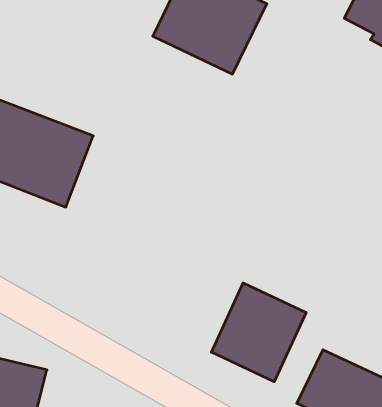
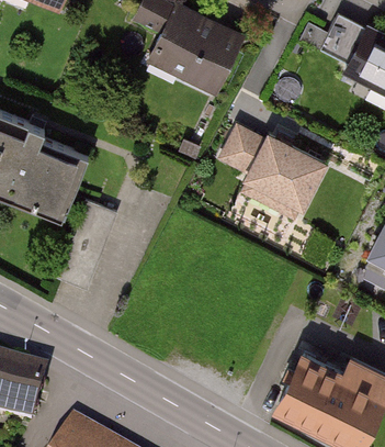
building: none -> [218,125,326,220]
building: [211,283,306,382] -> none

